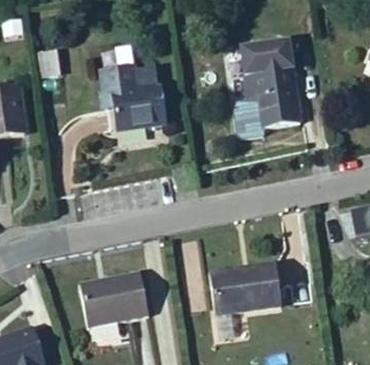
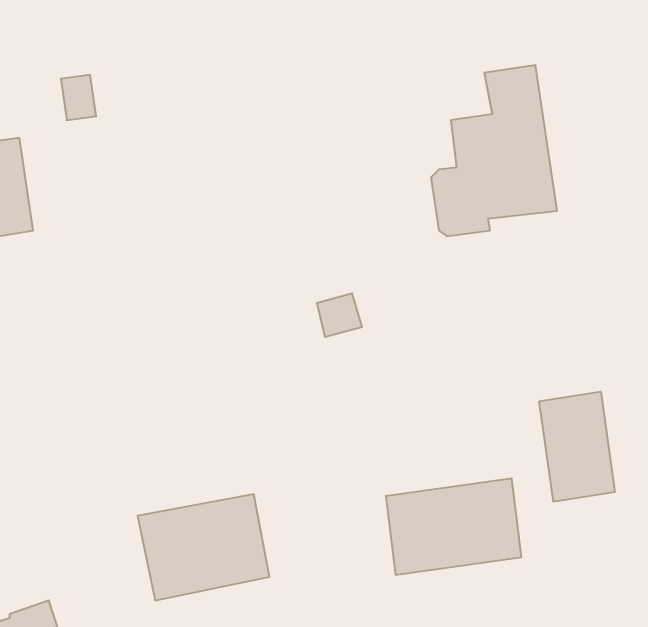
building: [101,63,166,125] -> none
building: none -> [539,392,615,502]

